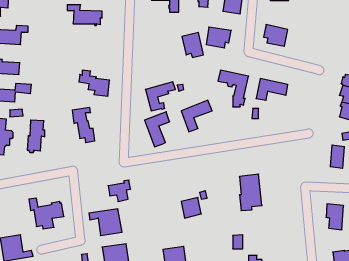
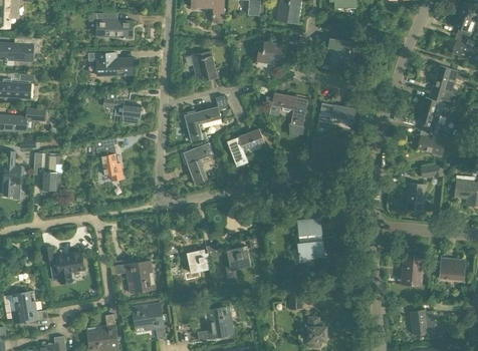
building: [182,32,203,57] -> [191,50,217,80]
building: none -> [88,52,132,75]
building: [108,180,131,202] -> [187,245,214,271]

